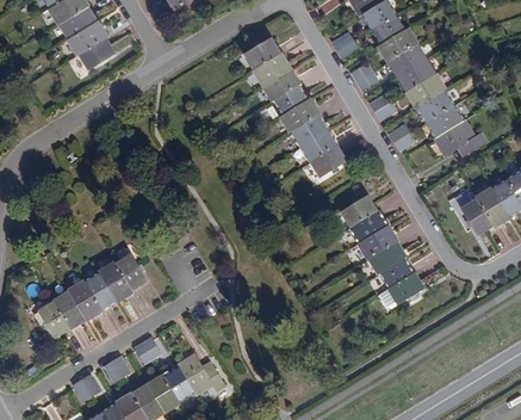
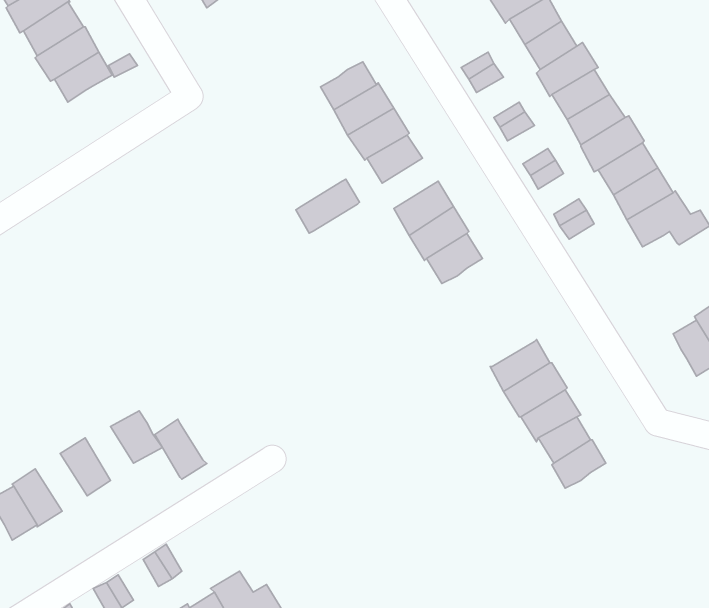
building: [279,99,318,132] -> [296,179,359,233]
building: [341,197,377,229] -> none
building: [99,264,131,301] -> [155,419,207,479]
building: [68,282,100,320] -> none

